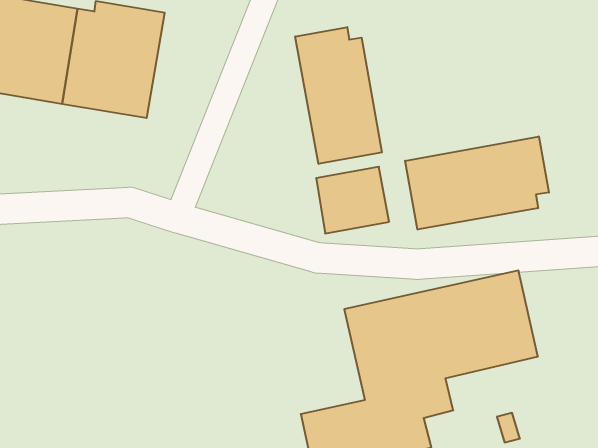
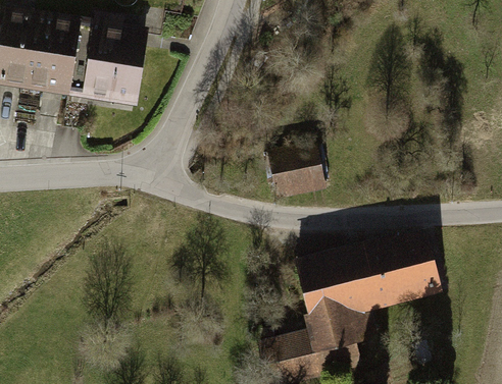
building: [295,27,382,164] -> none
building: [405,136,549,230] -> none

